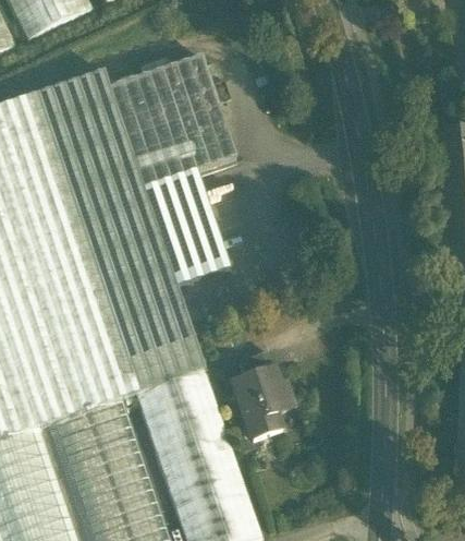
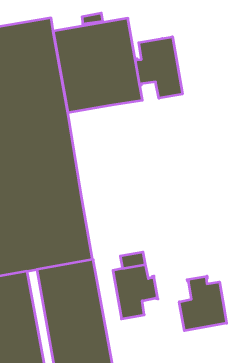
building: none -> [135,37,182,98]
building: [145,170,231,287] -> none
building: none -> [179,276,227,331]

